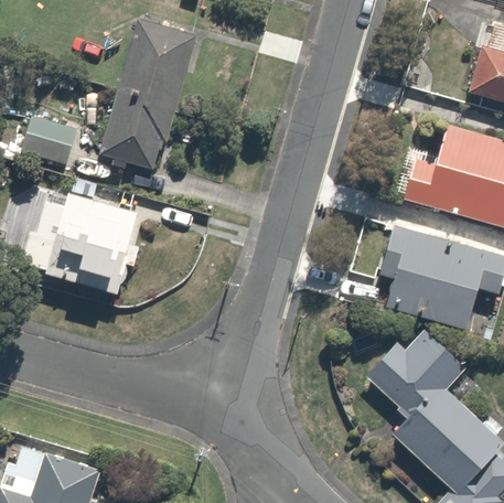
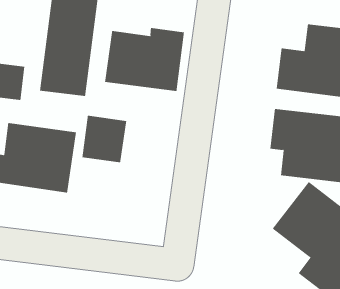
building: none -> [104,27,184,92]
building: none -> [82,115,127,163]

